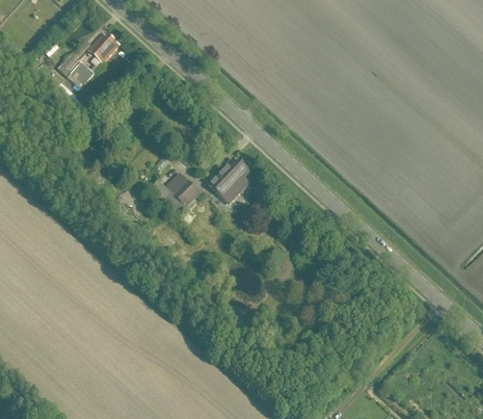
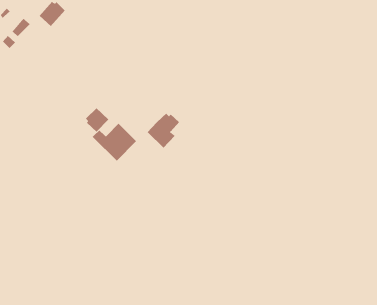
building: [70,56,102,85] -> none
building: none -> [85,107,109,132]

